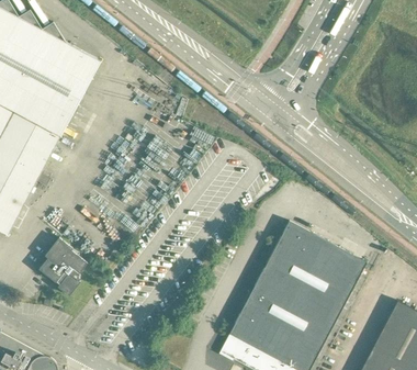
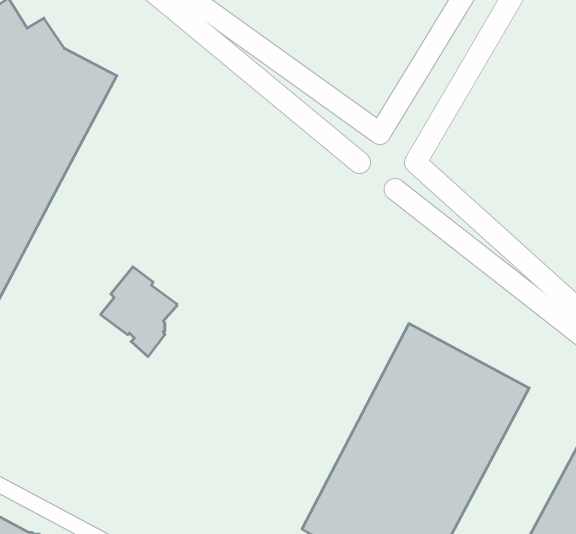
building: [38,238,88,296] -> [101,267,177,357]

